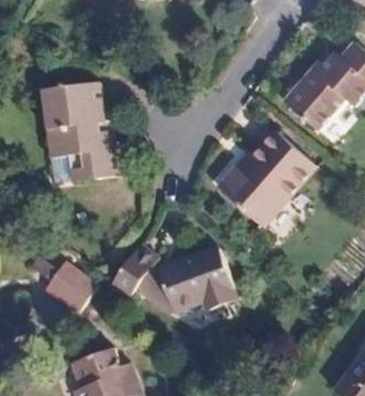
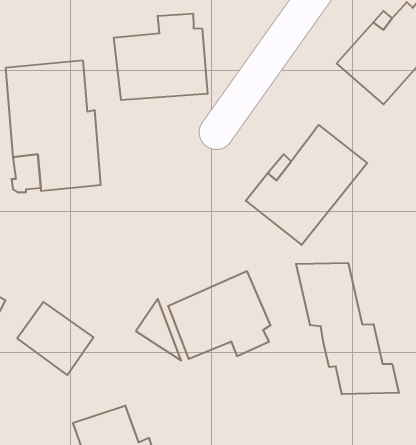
building: none -> [114,14,207,100]
building: none -> [296,263,399,394]
building: [108,250,150,304] -> none

